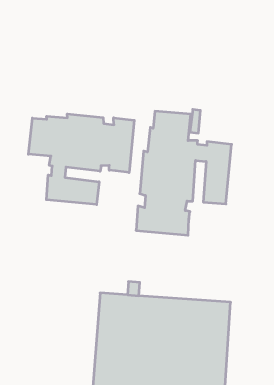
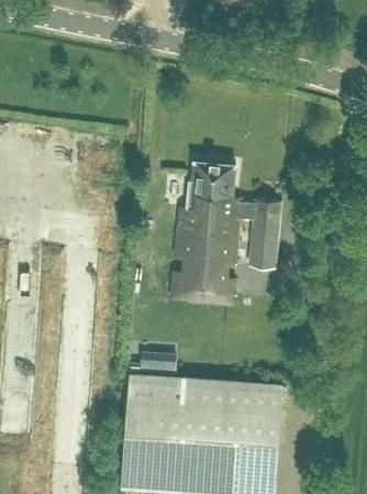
building: [28,114,134,205] -> none

